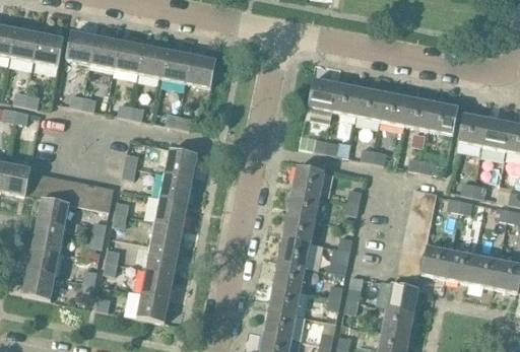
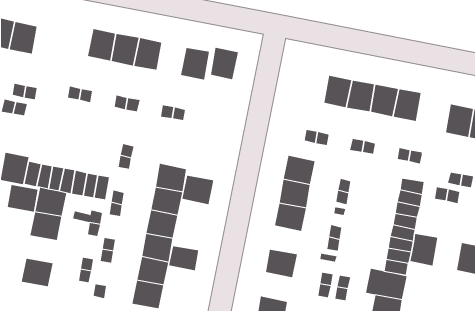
building: [65,30,95,64] -> none
building: [34,33,64,67] -> none
building: [161,50,191,83] -> [210,47,239,80]
building: [307,78,337,112] -> none
building: [428,101,458,135] -> none
building: [164,149,197,180] -> [182,175,214,205]
building: [276,237,323,270] -> none
building: [26,248,59,276] -> [7,185,38,212]
building: [445,250,473,283] -> none
building: none -> [168,246,199,271]
building: [267,285,301,315] -> none

